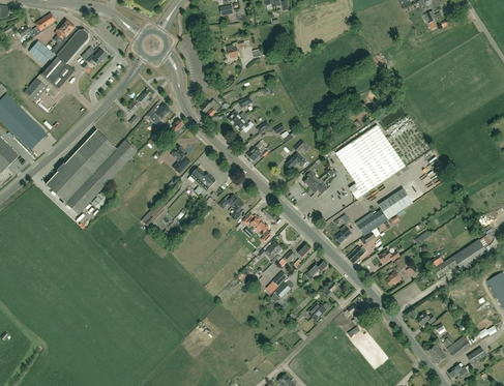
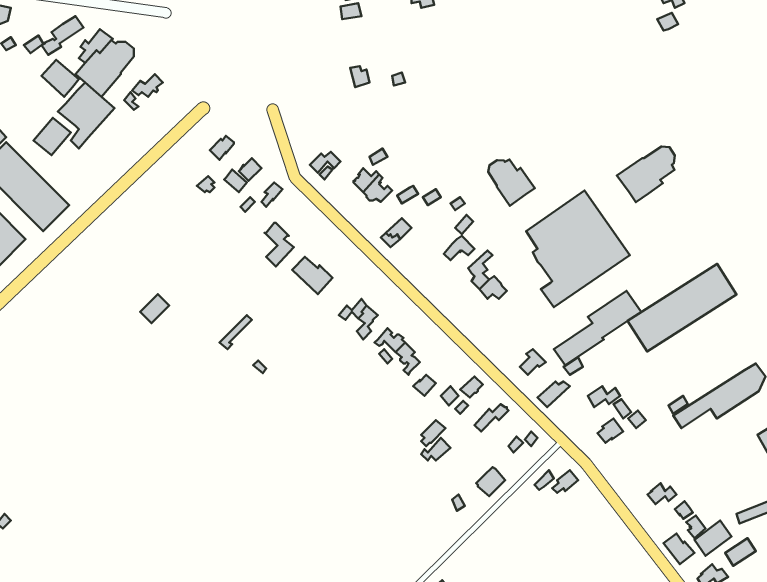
building: none -> [617,147,675,202]
building: none -> [488,159,535,206]
building: [46,129,137,214] -> none
building: none -> [628,264,737,351]

